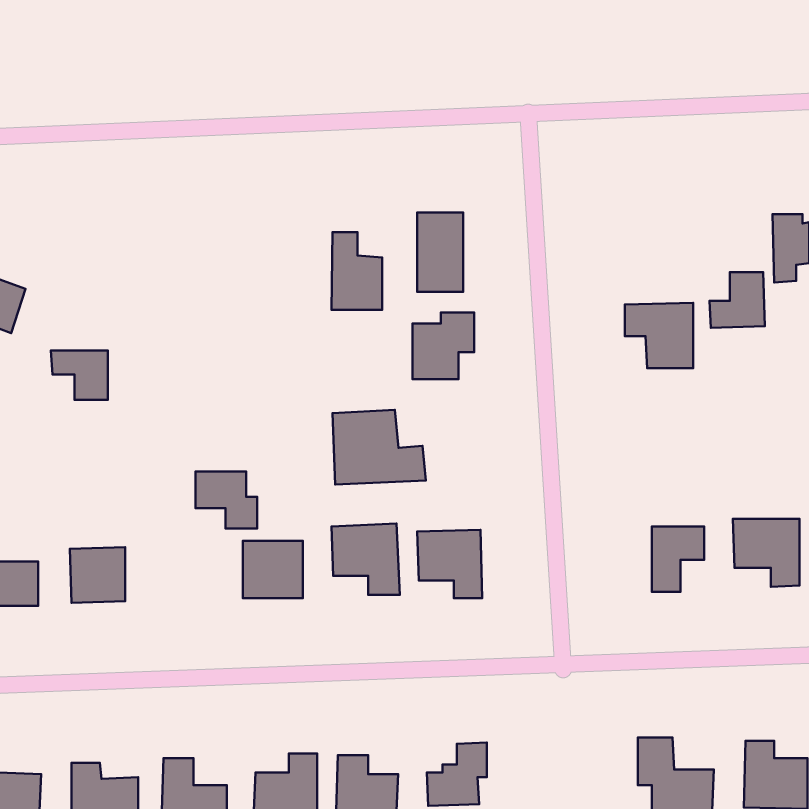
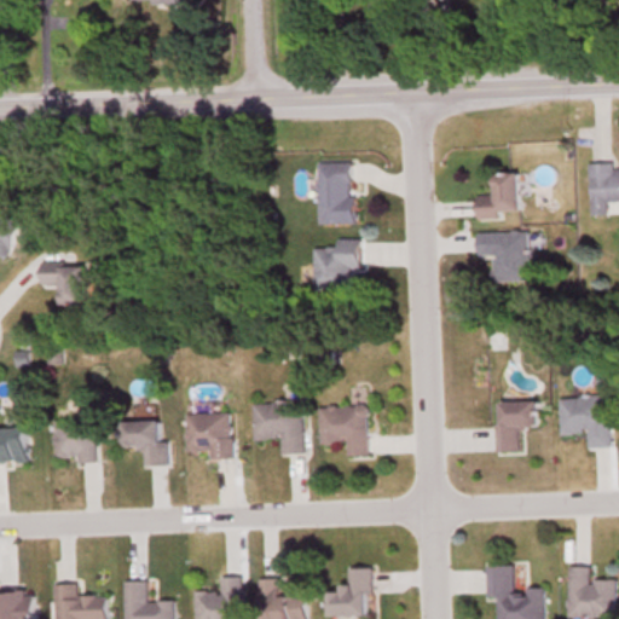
building: [331,232,382,310] -> none
building: [709,272,765,328] -> [475,175,517,218]
building: [332,410,426,485] -> none
building: [195,472,257,529] -> [120,422,167,465]

